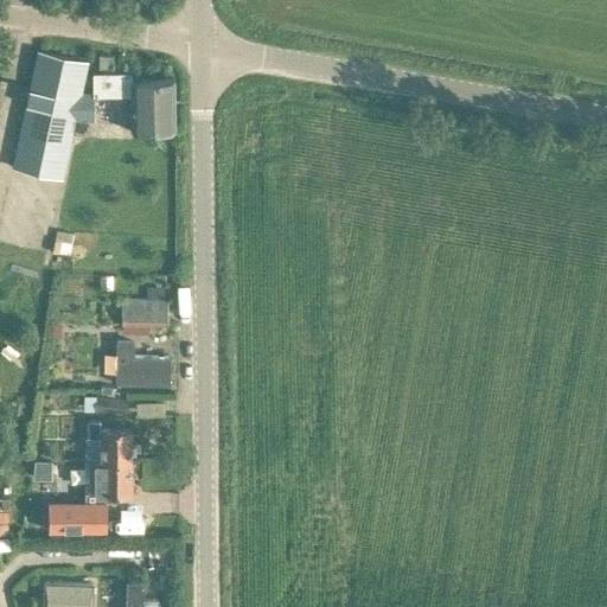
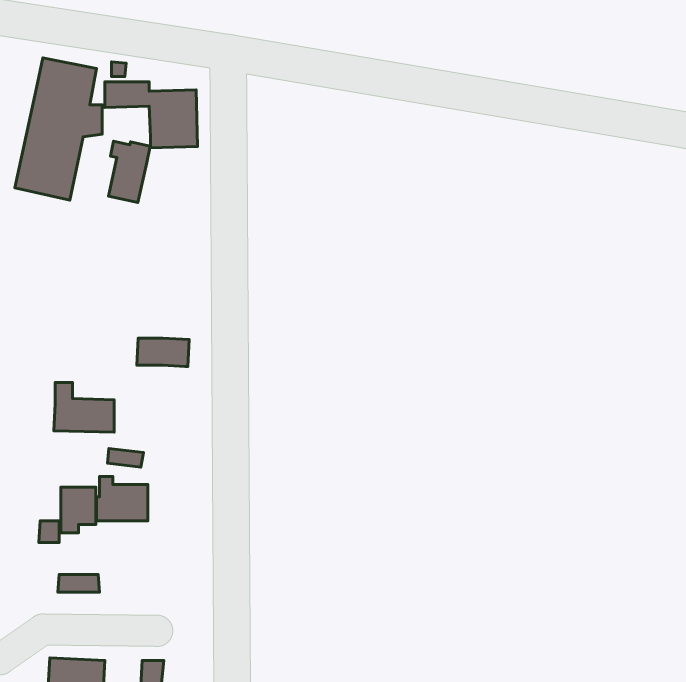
building: none -> [109,141,150,203]
building: [115,344,168,388] -> [54,383,114,432]
building: [100,464,130,504] -> [61,487,96,533]

